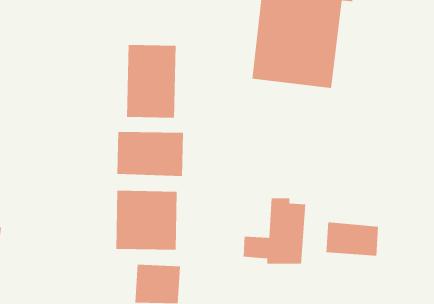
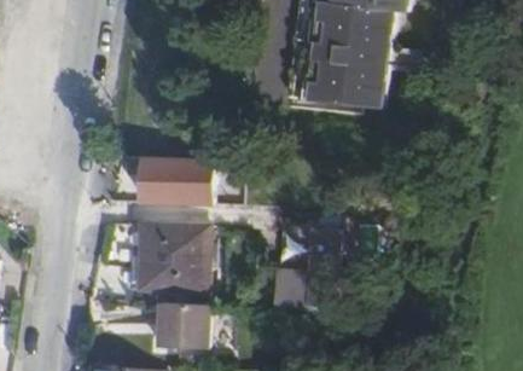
building: [127,44,176,119] -> none
building: [326,222,379,257] -> none

